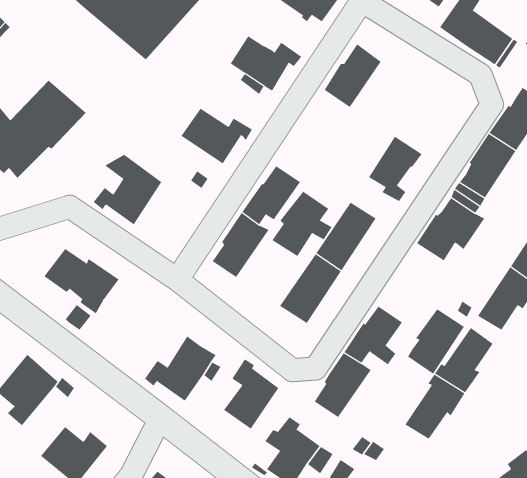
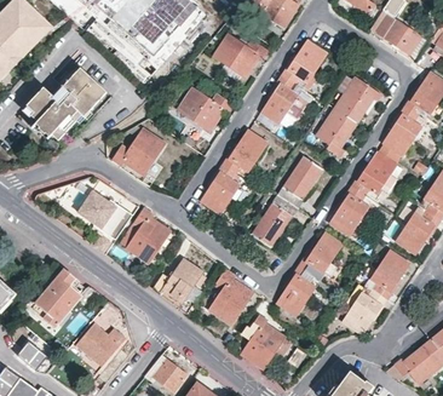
building: none -> [335,78,380,122]
building: [271,191,332,257] -> [260,75,305,124]
building: none -> [119,208,169,262]
building: [407,309,465,375] -> [329,188,372,236]

